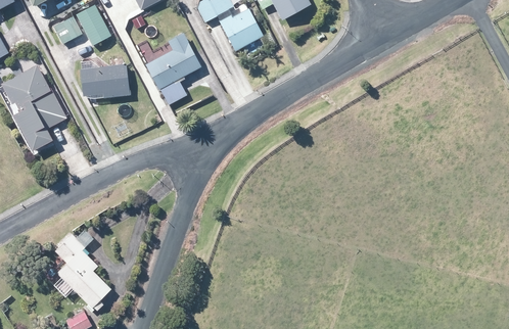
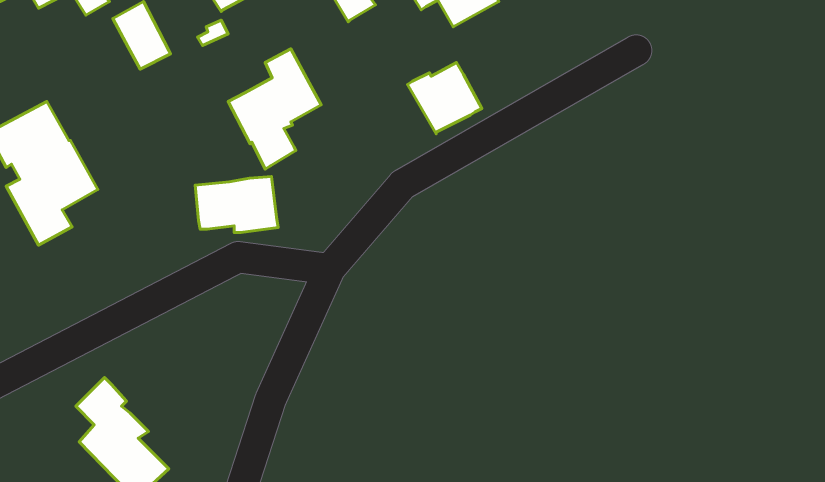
building: [218,9,263,52] -> [407,63,482,134]
building: [53,16,82,44] -> none
building: [80,64,130,98] -> [195,177,278,232]

